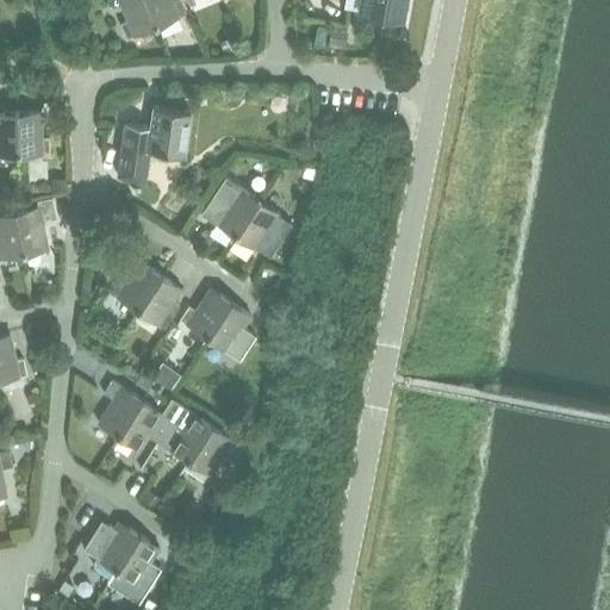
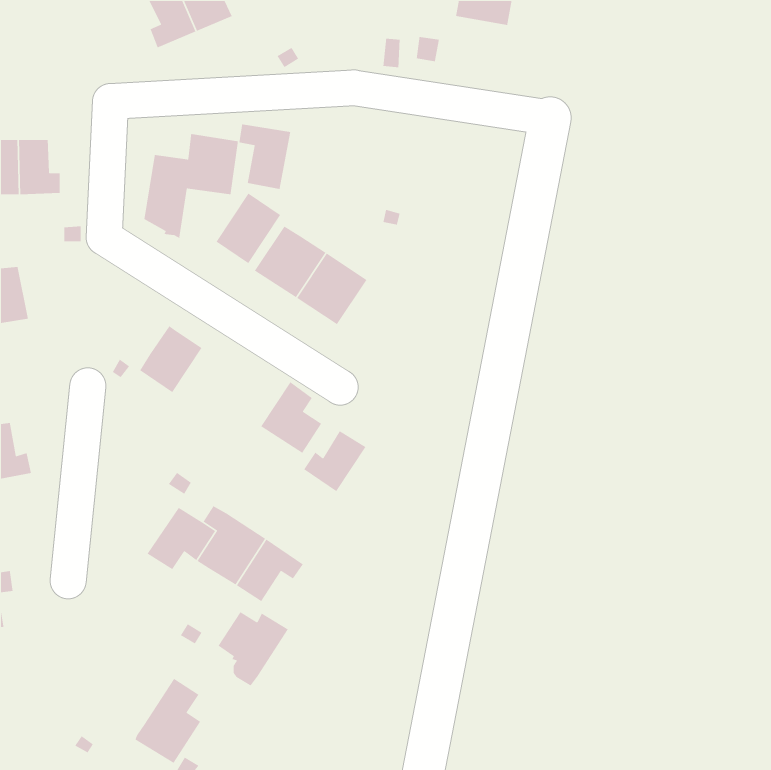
building: none -> [239,123,291,190]
building: none -> [215,193,281,264]
building: [15,199,56,254] -> none
building: [137,276,180,329] -> none
building: [180,290,230,338] -> [303,430,367,492]
building: [97,381,142,438] -> none
building: [82,522,138,581] -> [218,611,289,687]

